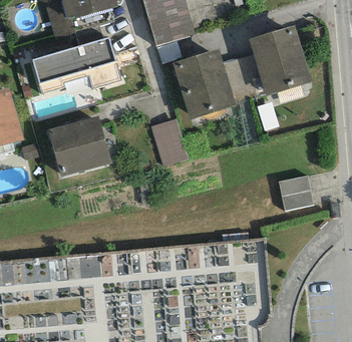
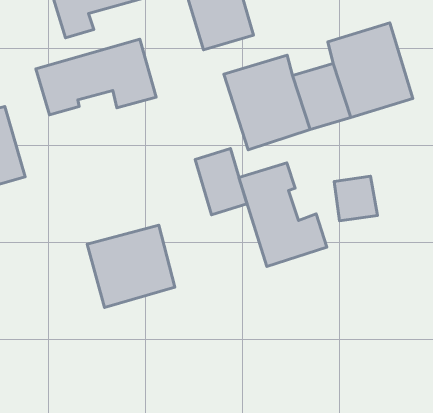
building: [46,115,111,177] -> [87,225,175,308]
building: none -> [239,163,327,267]
building: [280,174,312,207] -> [334,176,377,221]

